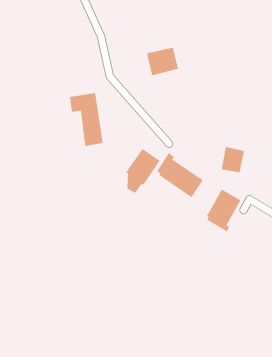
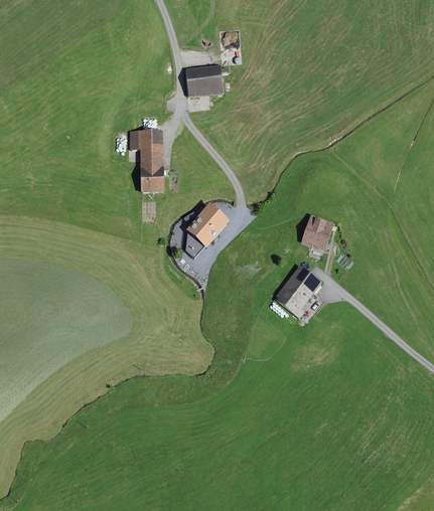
building: [146,47,179,76] -> [185,65,223,97]
building: [156,152,203,198] -> none

